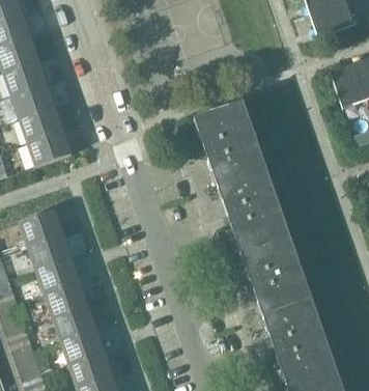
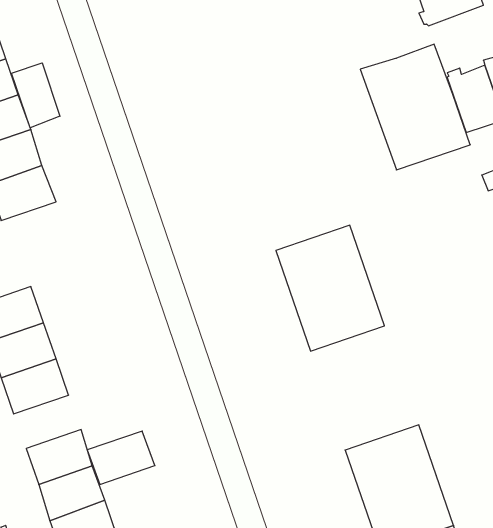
building: none -> [12,63,60,128]
building: [193,102,265,185] -> [360,44,470,170]
building: [239,234,311,316] -> none
building: [44,280,88,315] -> [87,431,155,484]

